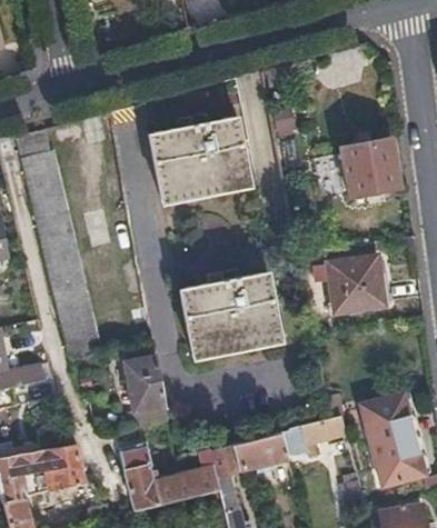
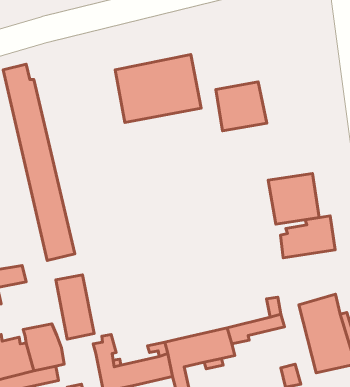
building: [339,137,398,193] -> [216,82,267,131]
building: [178,272,278,351] -> none
building: none -> [281,216,335,258]
building: [123,355,168,429] -> [56,275,94,339]

